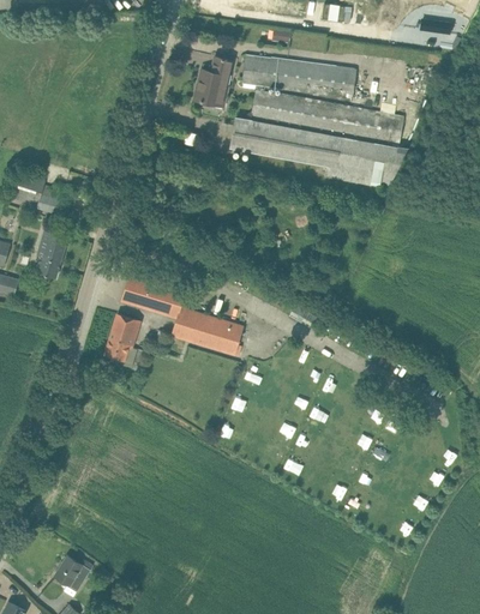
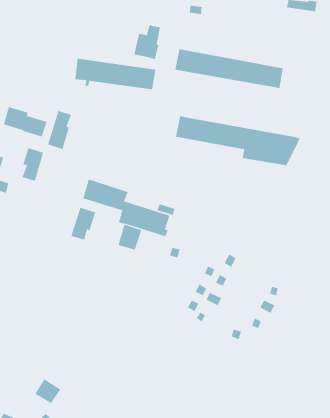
building: [241,53,356,97] -> [74,58,156,90]
building: [229,118,406,188] -> [175,115,301,166]
building: none -> [47,110,72,150]
building: none -> [118,224,142,250]

